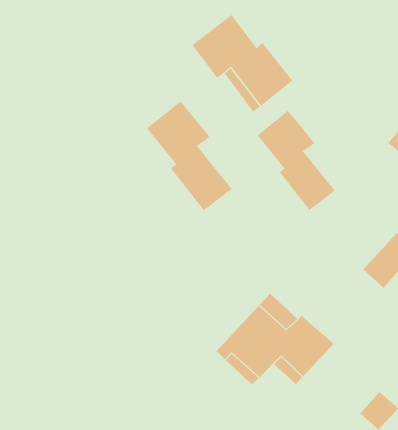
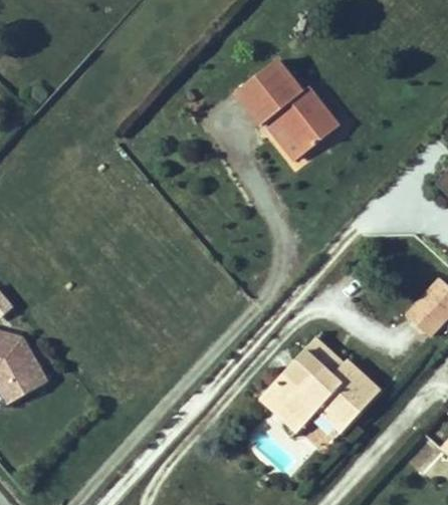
building: [146,100,232,211] -> none
building: [257,110,335,211] -> none

